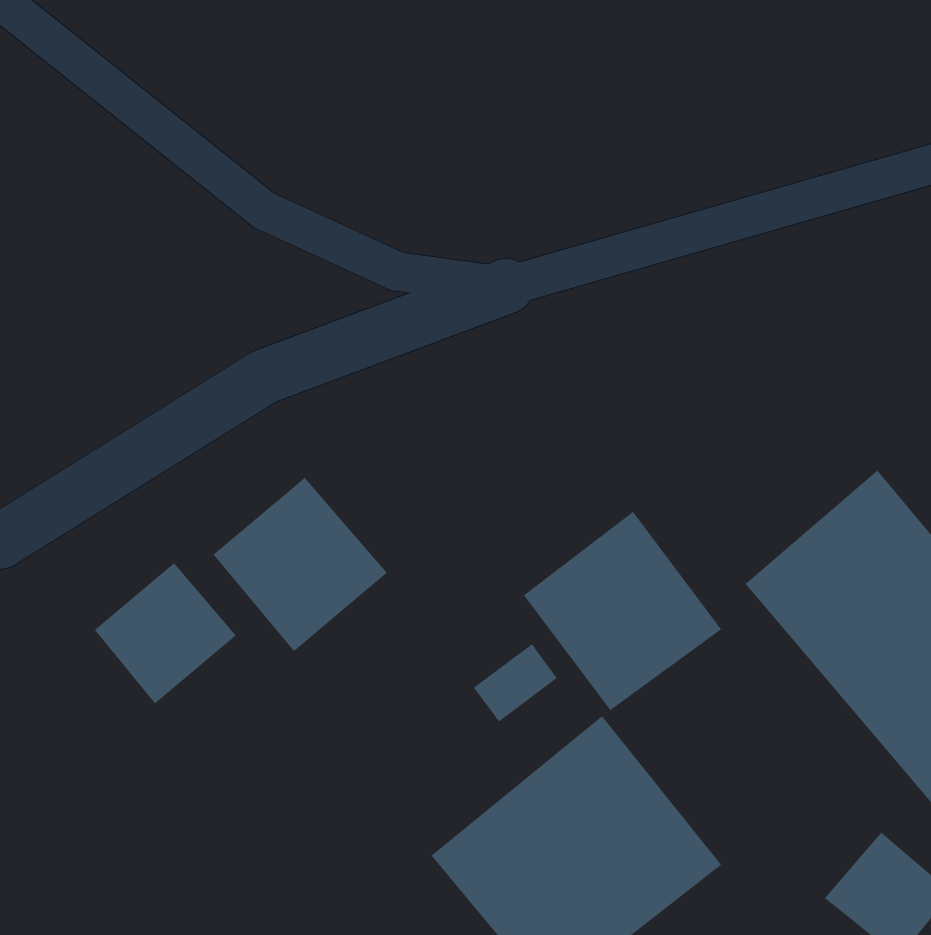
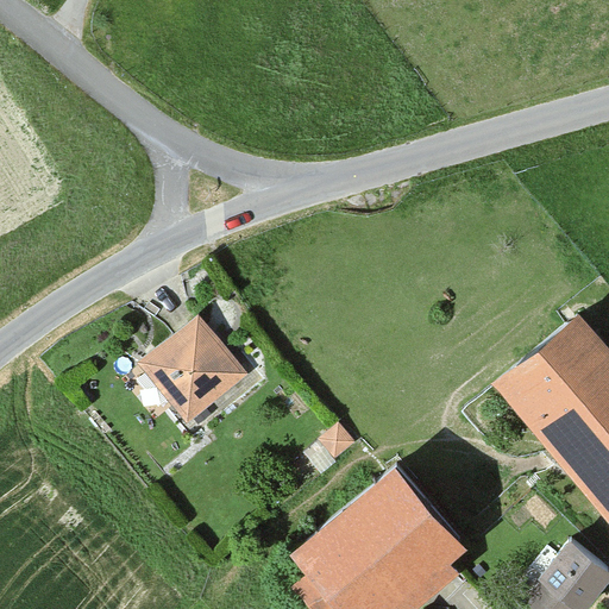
building: [523,511,722,711] -> none
building: [94,562,237,705] -> none

